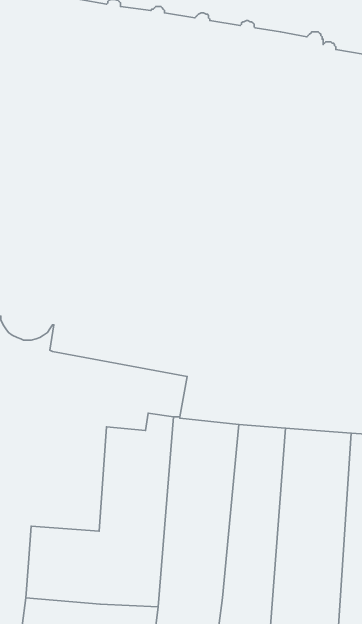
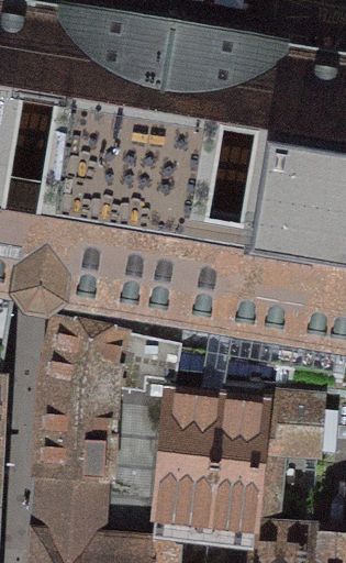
building: none -> [41,320,178,477]

